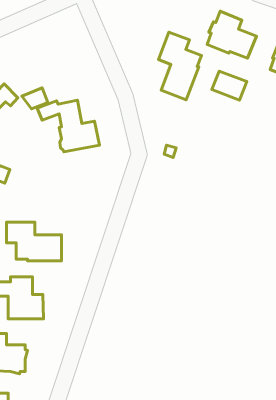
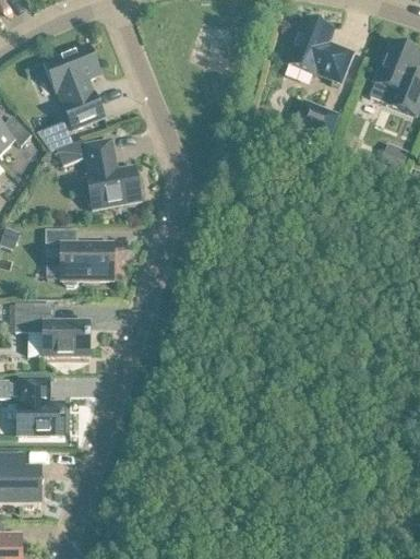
building: none -> [44,44,104,129]
building: [158,32,202,100] -> none
building: none -> [45,228,113,285]

